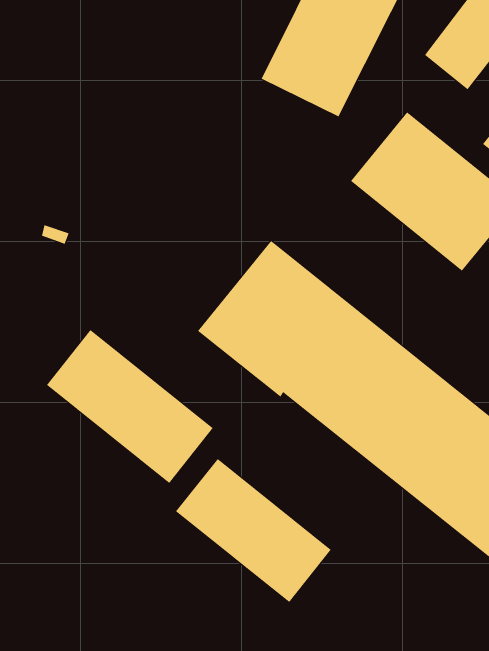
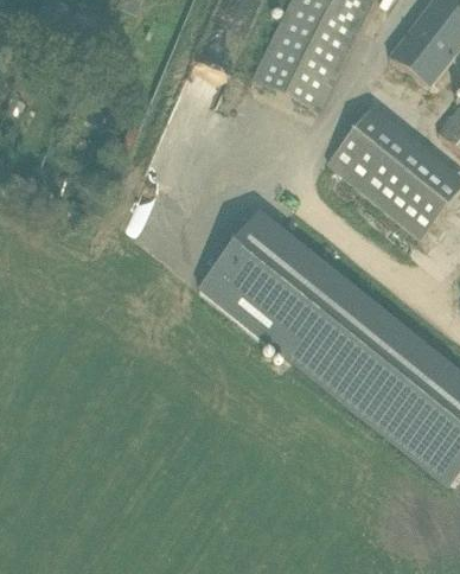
building: [46,329,214,484] -> none
building: [175,458,332,603] -> none

